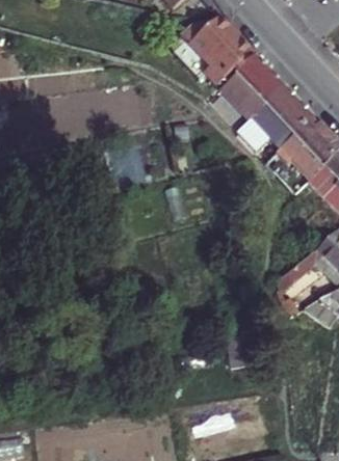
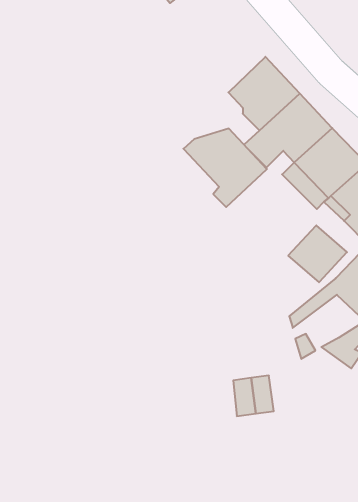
building: [180,18,253,86] -> [183,129,267,207]
building: none -> [288,225,347,282]

